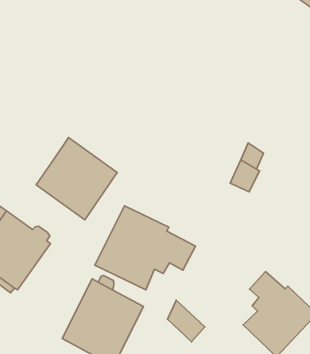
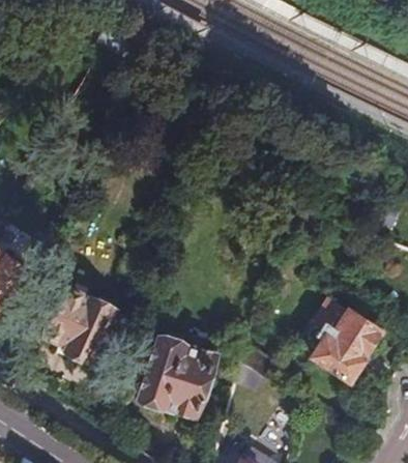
building: [36,138,117,220] -> none
building: [95,206,195,290] -> none

